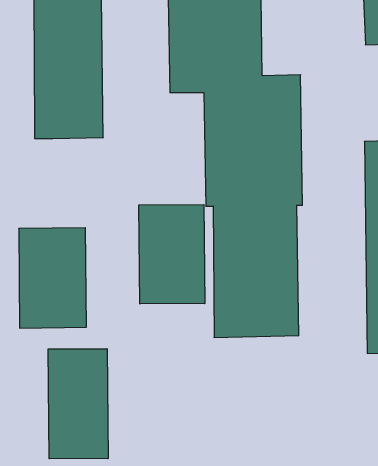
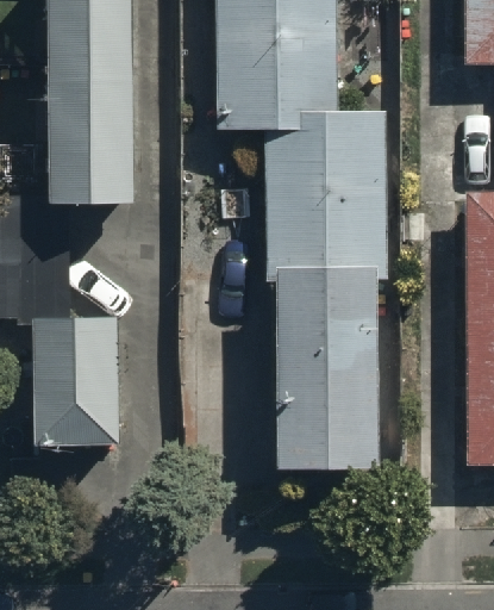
building: [139,205,205,304] -> none
building: [48,349,108,459] -> none

